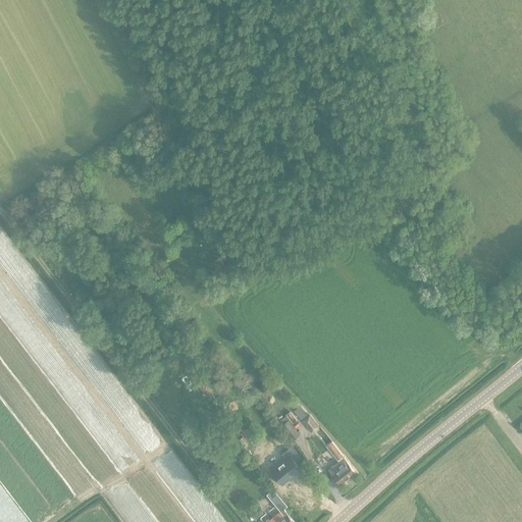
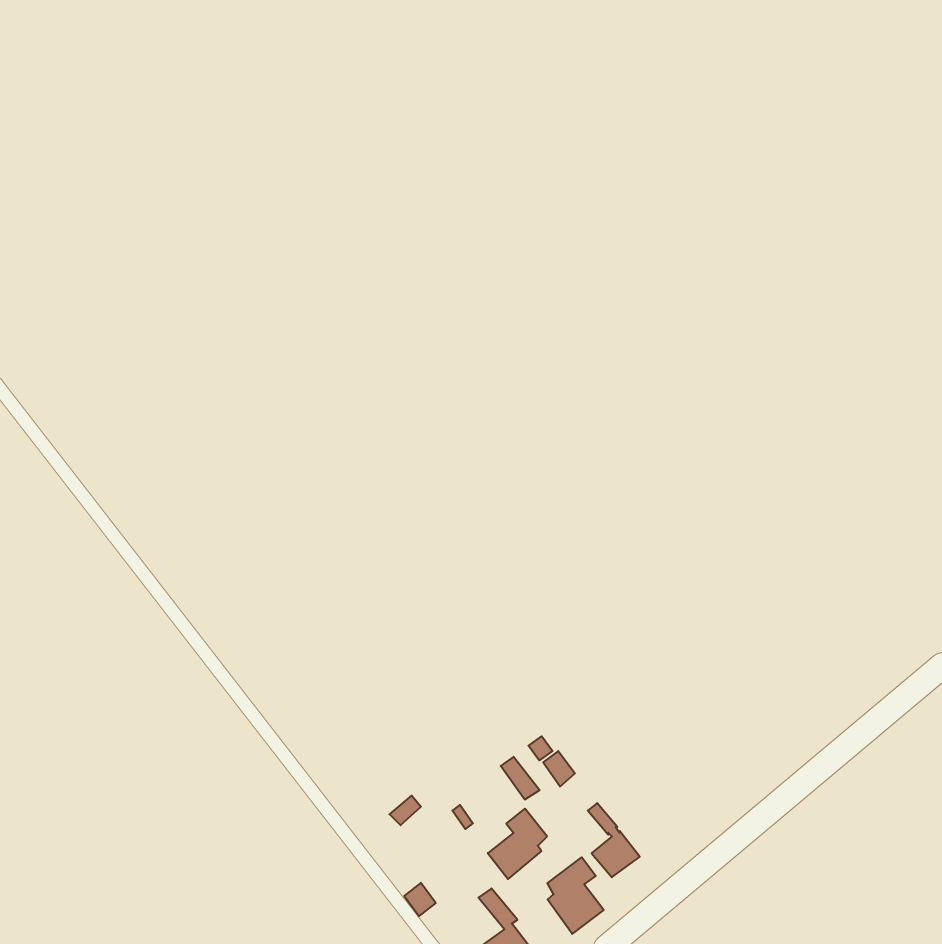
building: none -> [547,857,604,934]

